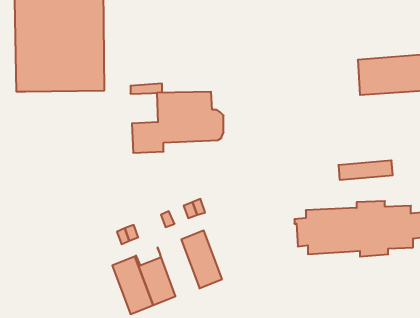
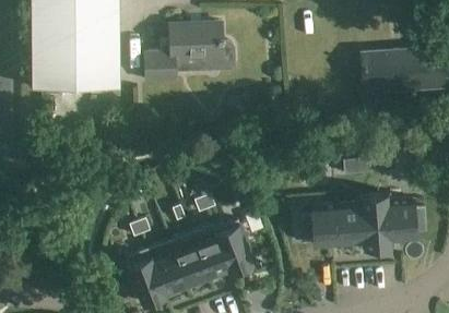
building: [132,92,224,153] -> [146,23,235,82]
building: none -> [214,221,255,272]
building: none -> [169,233,210,288]

